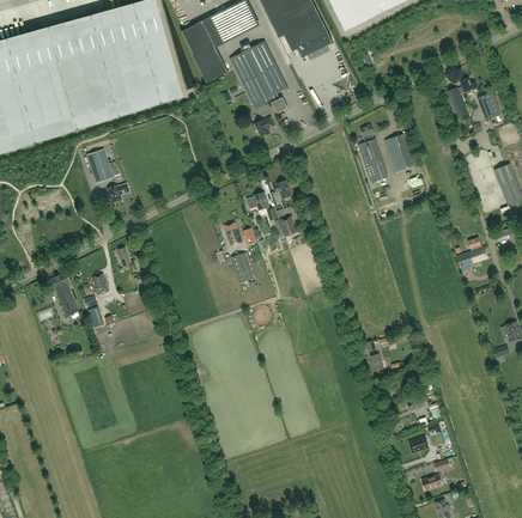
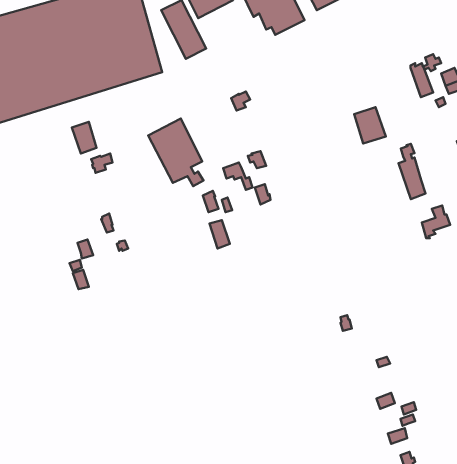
building: [230,42,289,114] -> [148,119,203,186]
building: [358,124,387,183] -> [399,144,426,199]
building: [49,273,79,316] -> none

